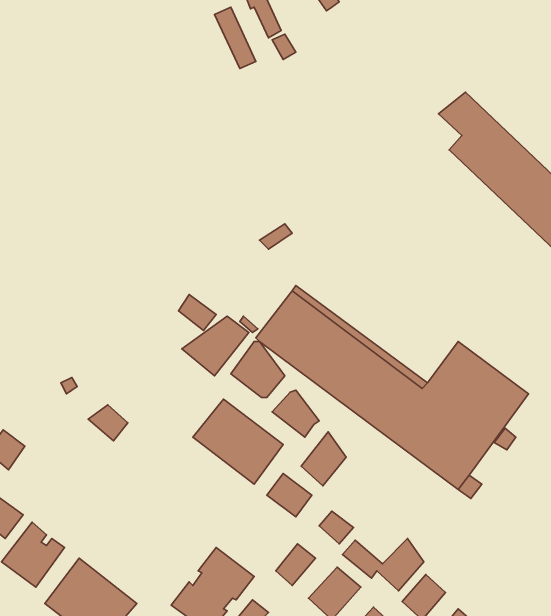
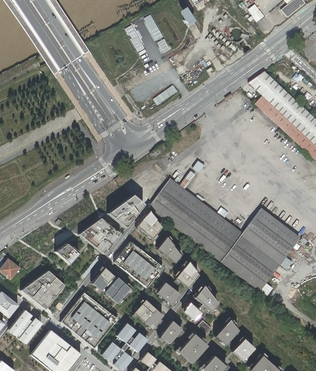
building: none -> [80,218,121,254]
building: none -> [92,268,130,303]
building: none -> [21,271,65,310]
building: none -> [192,281,220,312]
building: none -> [63,293,118,346]
building: none -> [134,300,164,330]

